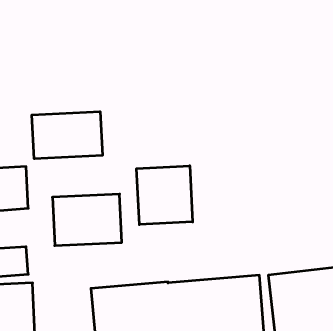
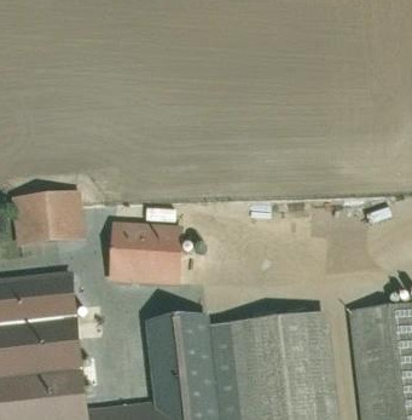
building: [32,112,102,159] -> none
building: [137,166,193,225] -> none

